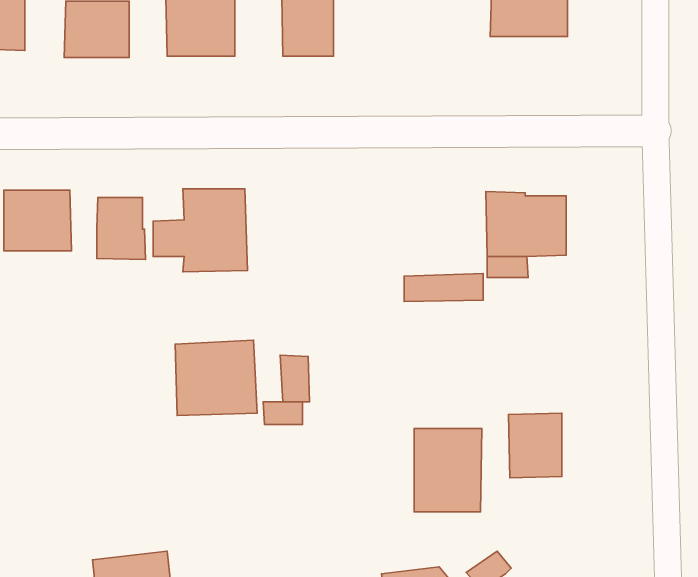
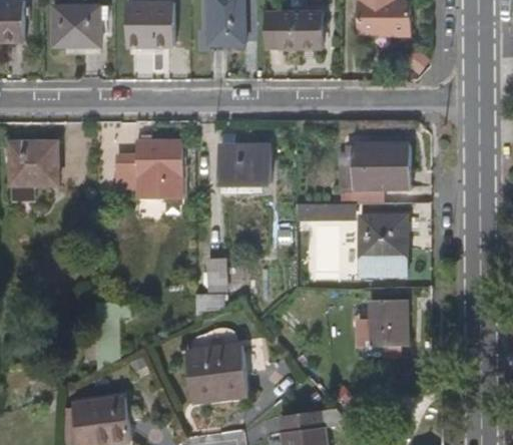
building: none -> [269,12,321,49]
building: none -> [219,144,270,184]
building: [97,198,146,260] -> none
building: [175,340,257,416] -> none
building: [414,429,482,512] -> [359,214,407,274]
building: none -> [185,344,247,403]

